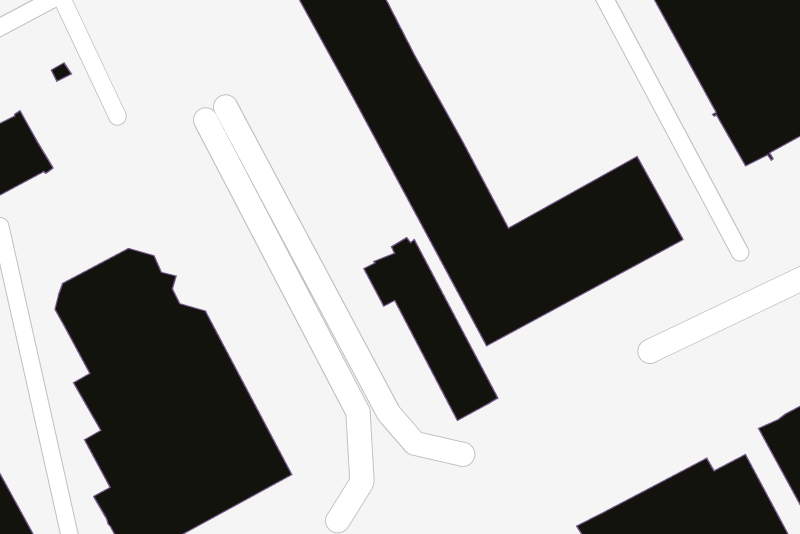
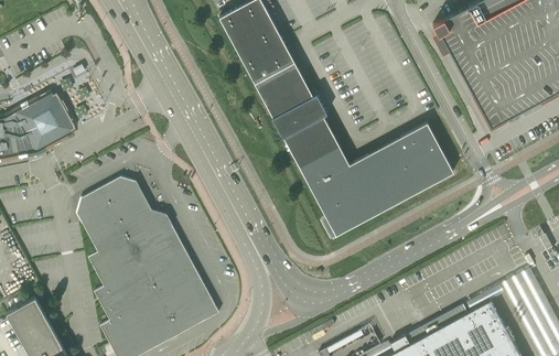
building: [364,238,498,420] -> none

